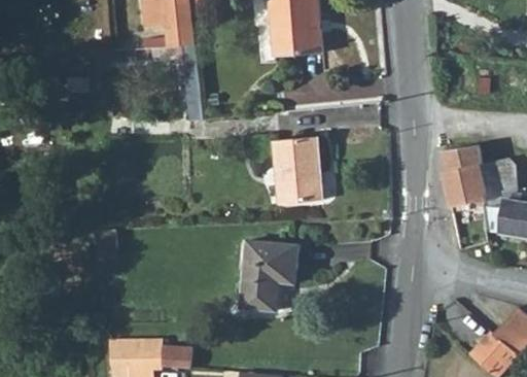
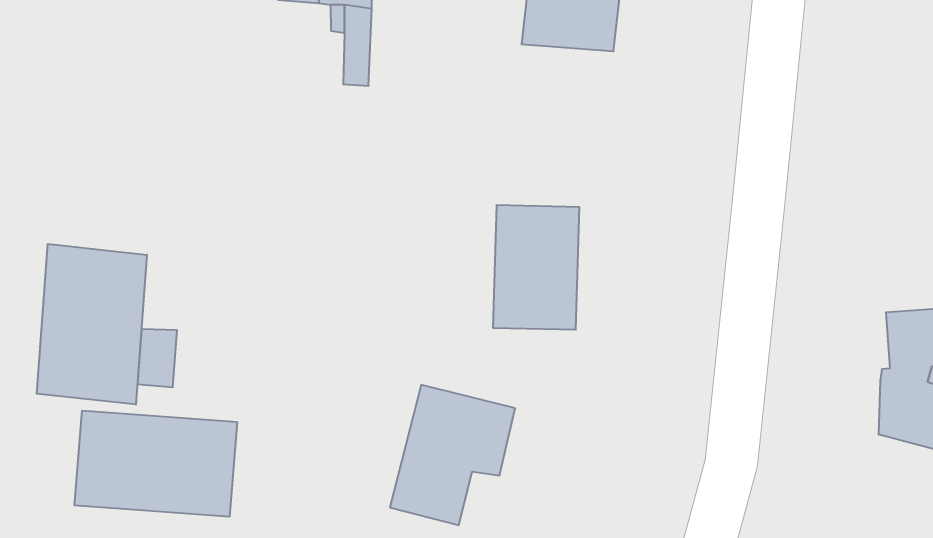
building: [441,143,489,206] -> none
building: none -> [37,244,147,405]
building: none -> [75,411,237,517]

